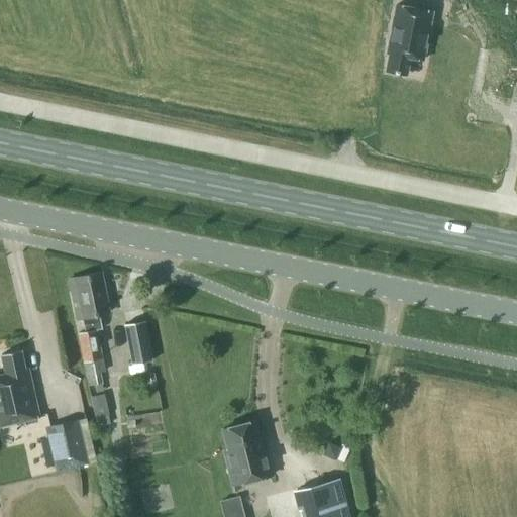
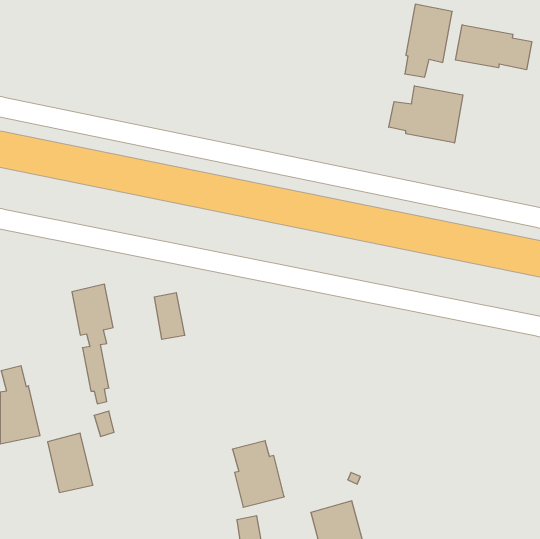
building: none -> [456,25,532,70]
building: none -> [389,86,463,143]
building: [124,321,153,366] -> [154,293,185,339]

